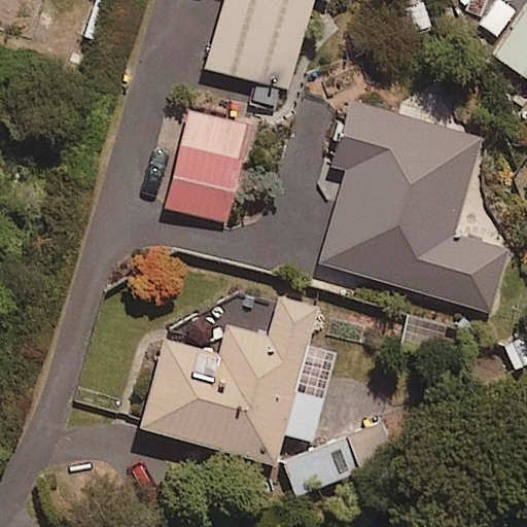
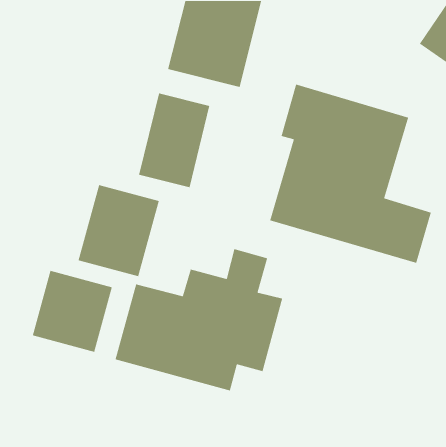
building: none -> [77,184,160,277]
building: none -> [32,270,113,353]

